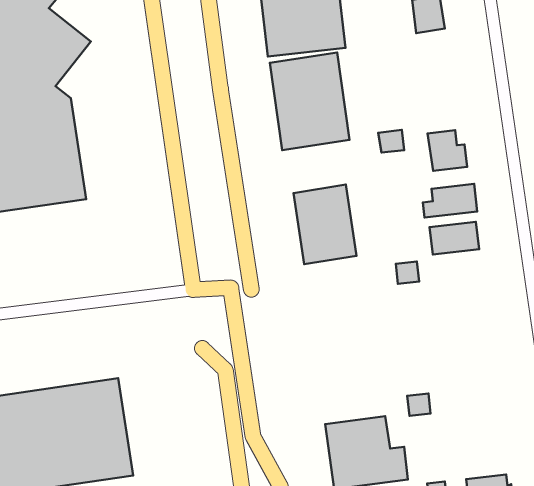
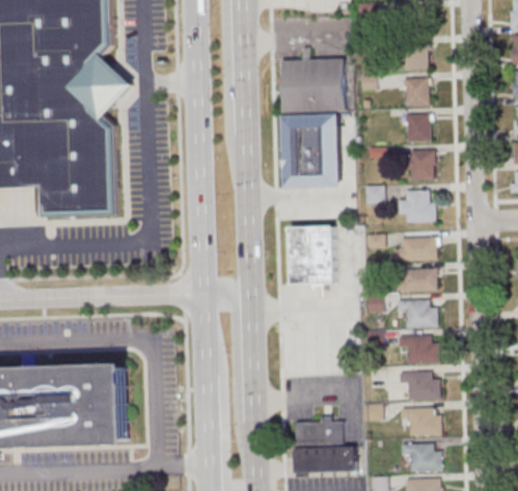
building: none -> [407,115,431,143]
building: none -> [410,152,434,180]
building: none -> [400,298,436,326]
building: none -> [397,334,438,362]
building: none -> [398,370,438,399]
building: none -> [400,406,440,434]
building: none -> [400,441,440,470]

